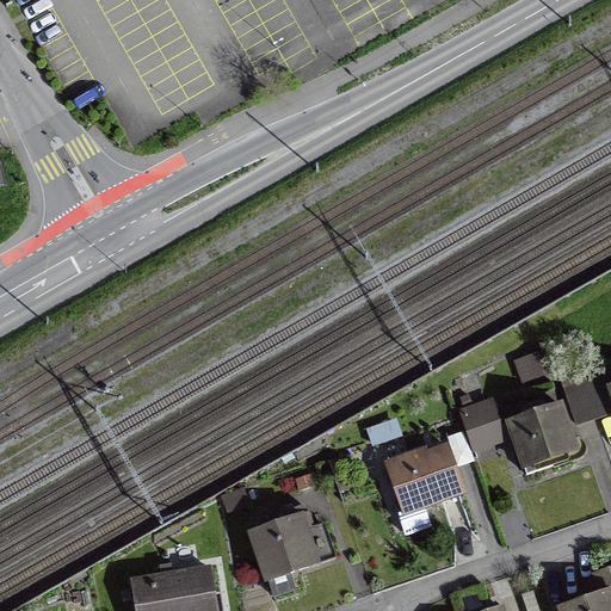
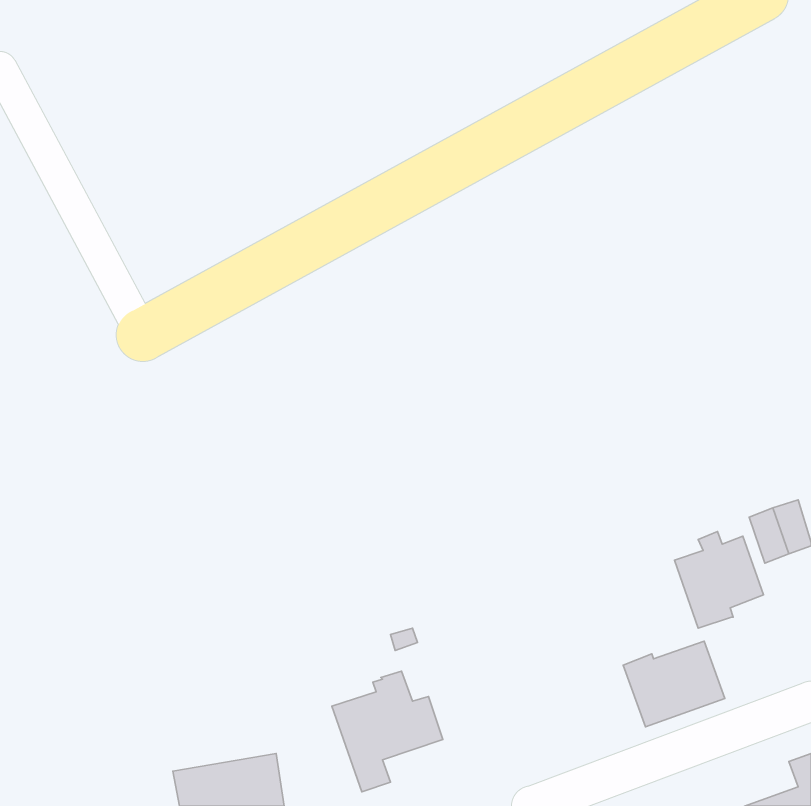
building: [459,401,504,448] -> none
building: [385,446,462,511] -> [623,641,725,727]

